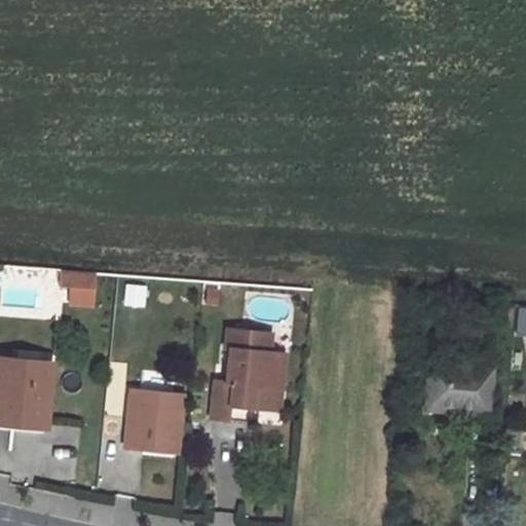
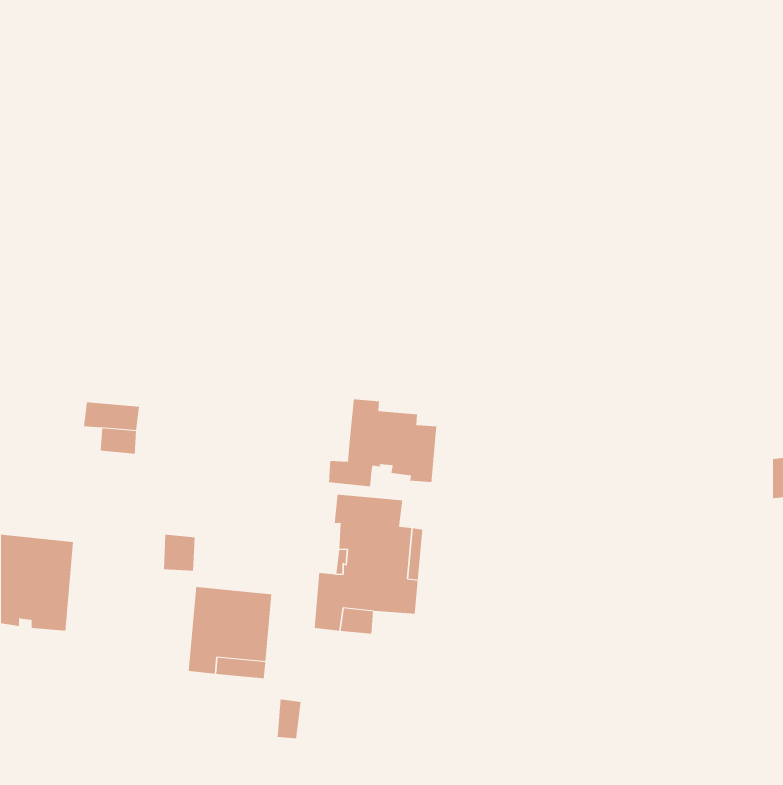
building: none -> [328,399,437,487]
building: [425,364,490,411] -> none

